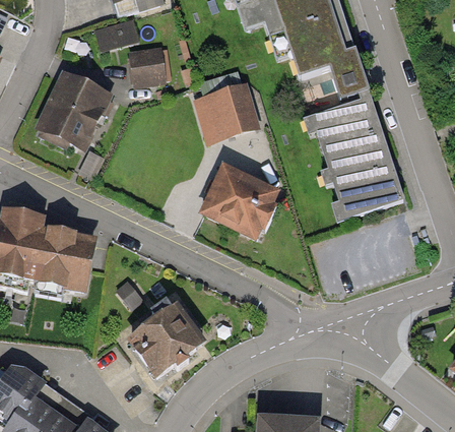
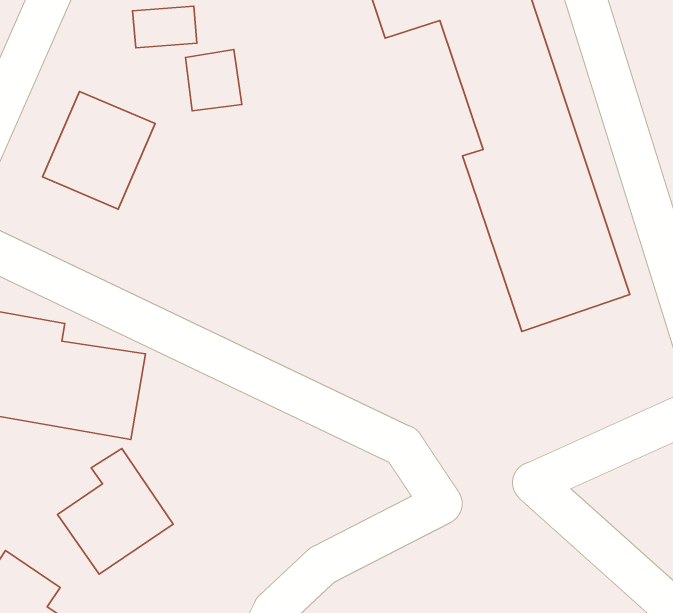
building: [188,68,256,143] -> none
building: [200,163,281,240] -> none
building: [128,298,201,377] -> [57,448,173,574]

